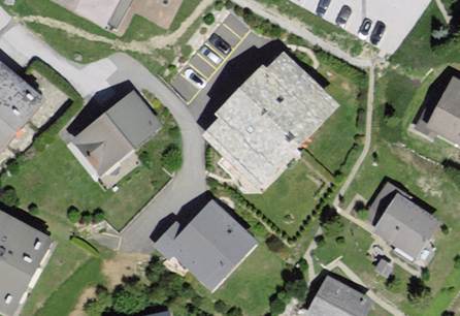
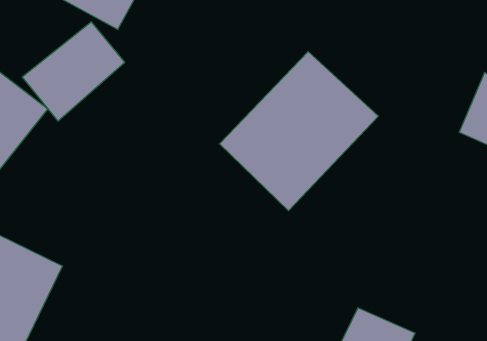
building: [70,90,162,179] -> [22,22,125,121]
building: [361,184,435,250] -> none
building: [155,201,263,293] -> none

